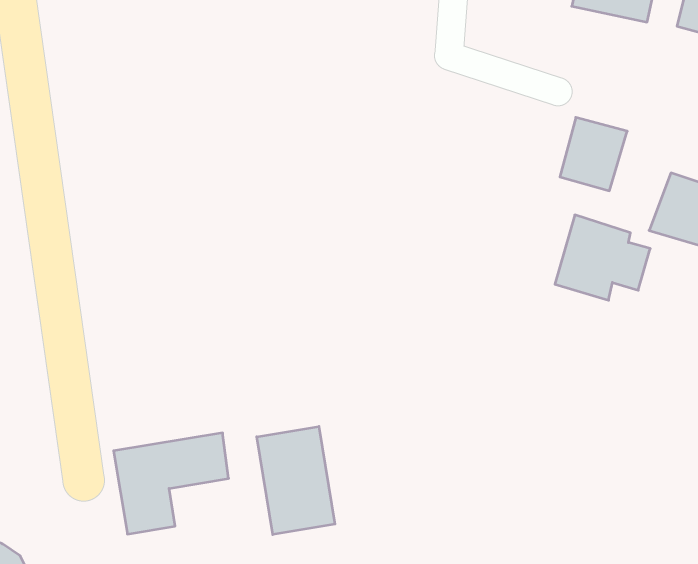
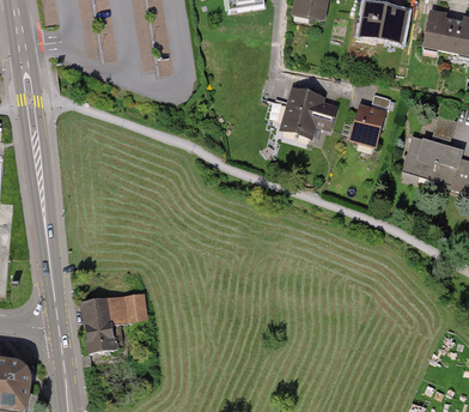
building: [555,215,650,300] -> [280,86,337,138]
building: [257,426,335,535] -> none

